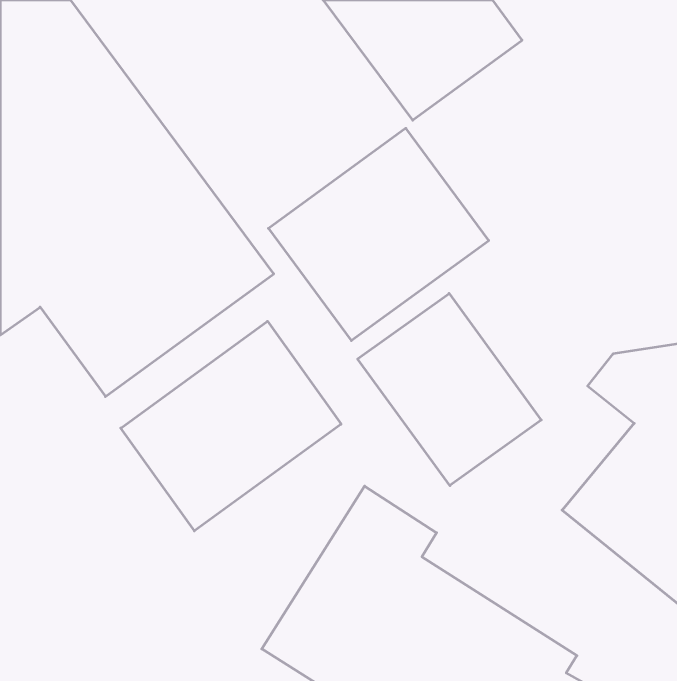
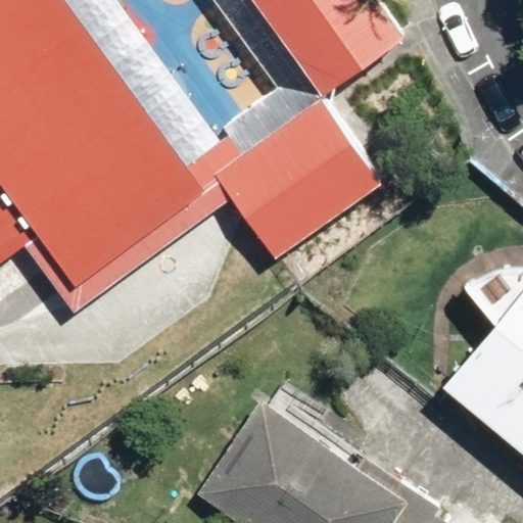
building: [358,293,541,486] -> none
building: [121,321,341,531] -> none

